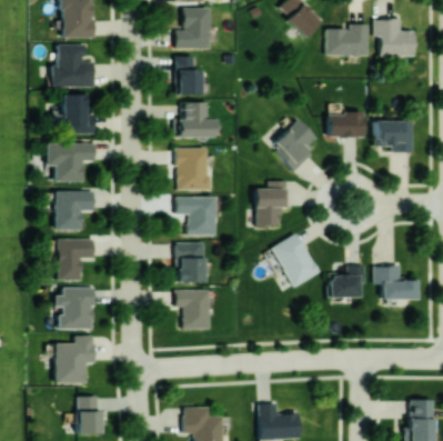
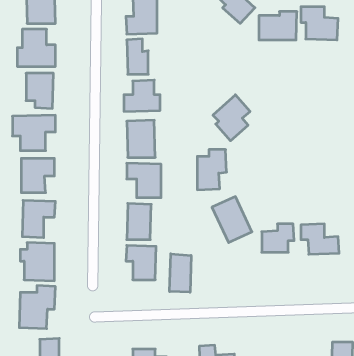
building: [329,113,364,138] -> none
building: [375,121,414,153] -> none
building: none -> [170,254,191,292]

